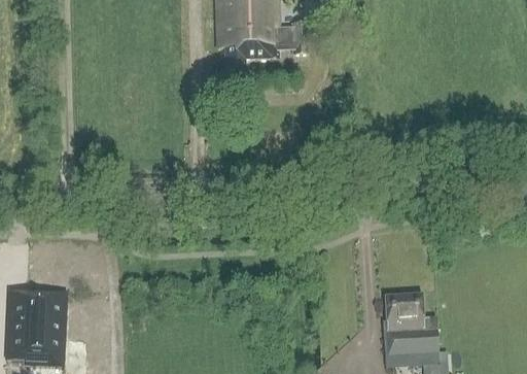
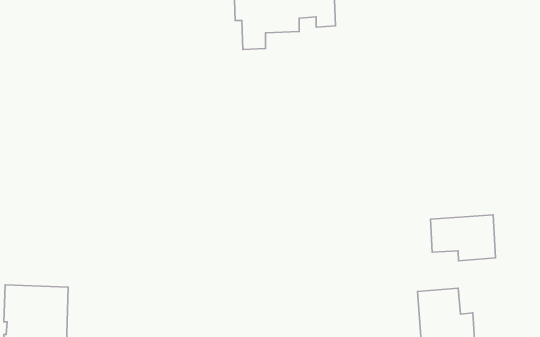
building: none -> [430,215,495,261]

